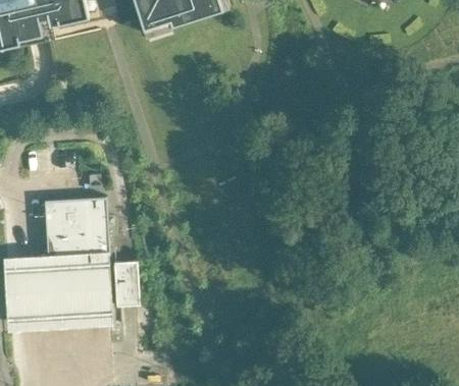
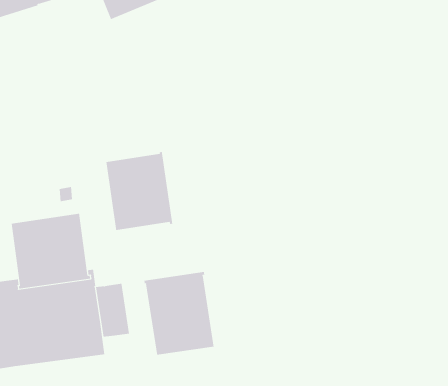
building: none -> [106,151,173,231]
building: none -> [144,271,214,355]

